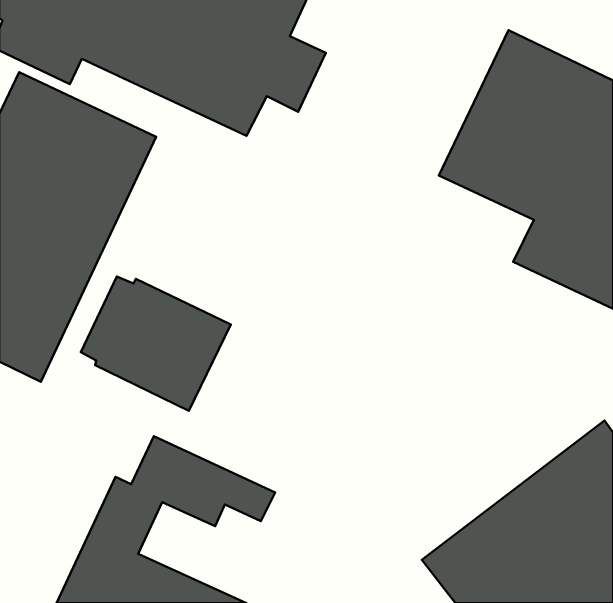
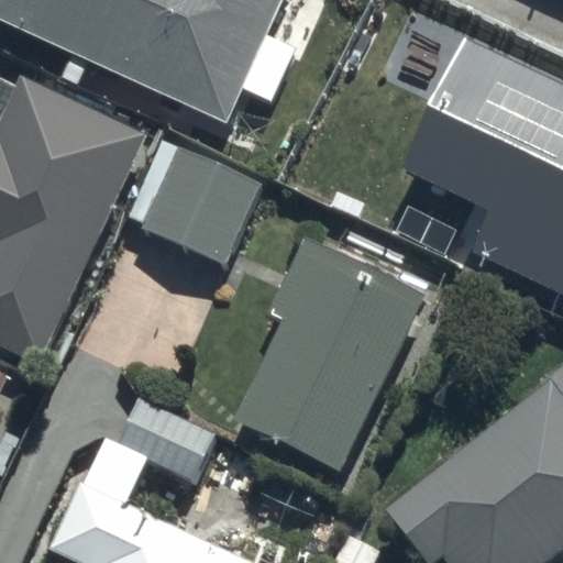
building: none -> [235,240,427,473]
building: [81,276,231,411] -> [130,143,267,266]

